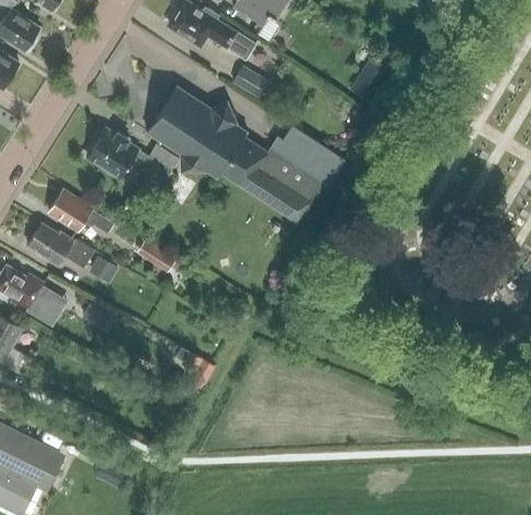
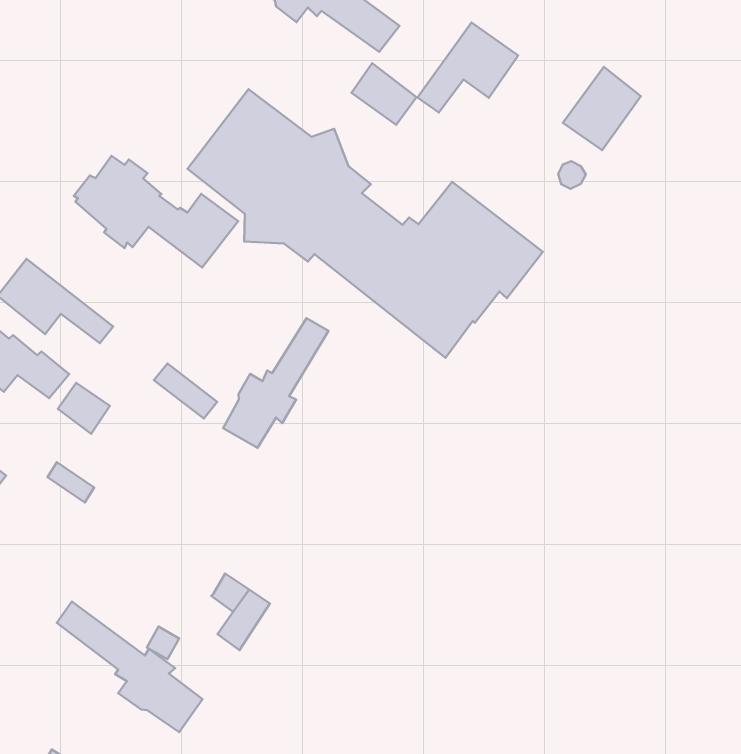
building: none -> [418,22,518,112]
building: none -> [223,318,328,448]
building: none -> [57,602,203,732]

